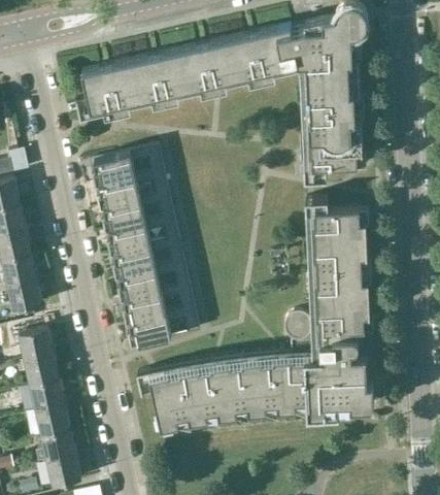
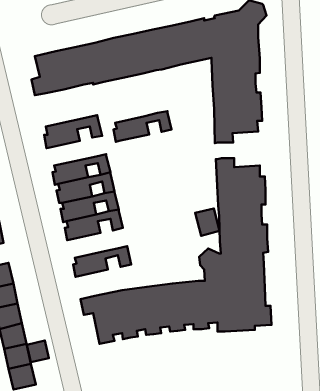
building: [97,171,169,209] -> [113,111,172,142]
building: none -> [195,208,220,236]
building: [123,286,195,324] -> none
building: none -> [27,341,49,362]

